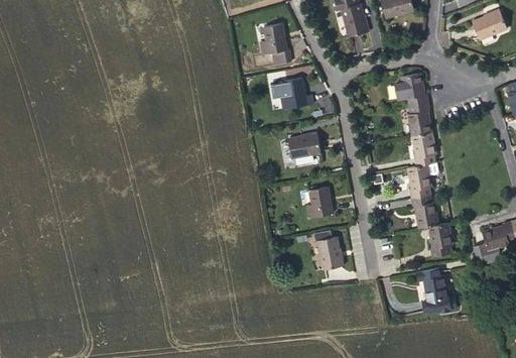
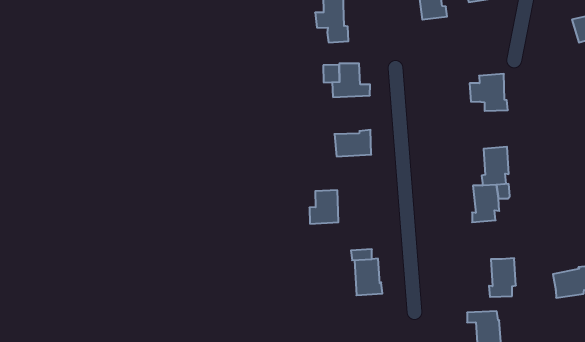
building: [408,102,431,136] -> none
building: [306,188,332,218] -> [309,190,338,224]
building: [410,194,438,228] -> none

